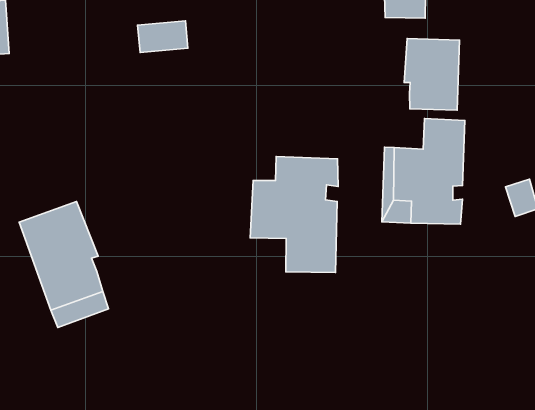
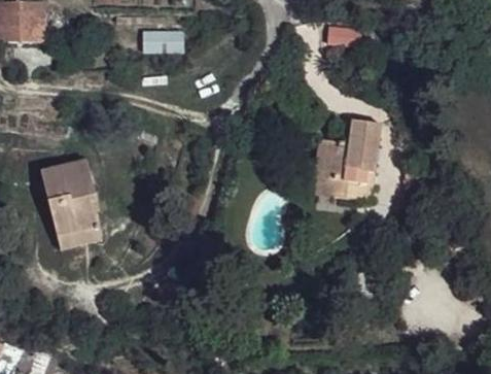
building: [404,39,459,110] -> none
building: [250,156,338,273] -> none

